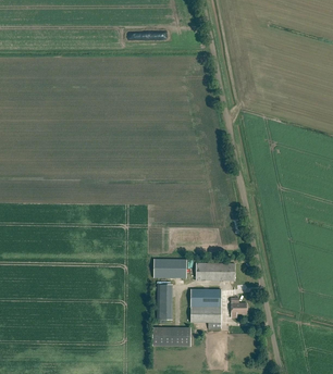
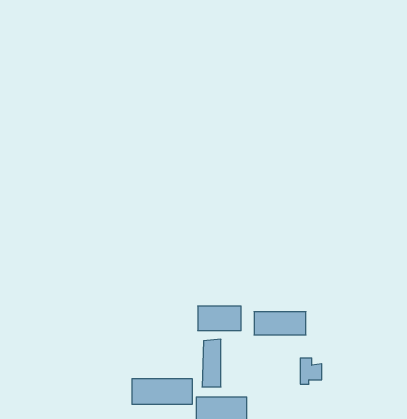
building: [190,289,222,323] -> none
building: none -> [132,379,192,404]

